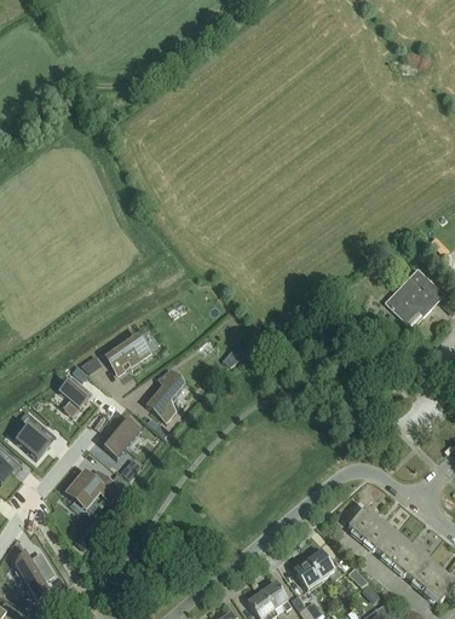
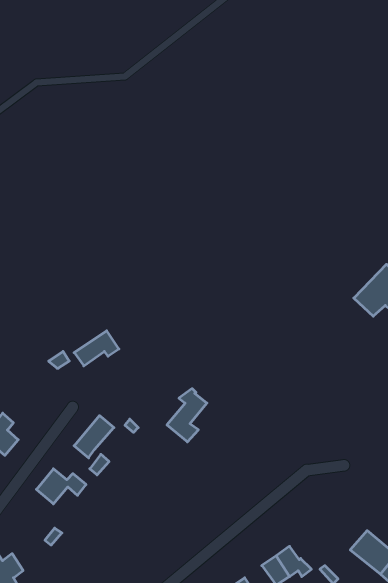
building: [144,369,184,422] -> [167,389,207,442]
building: [57,375,91,416] -> none
building: [347,505,397,553] -> none

